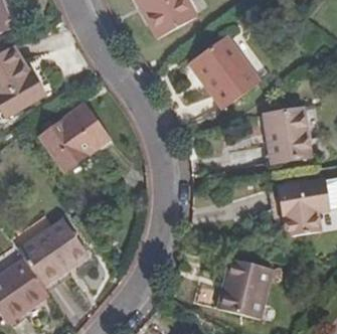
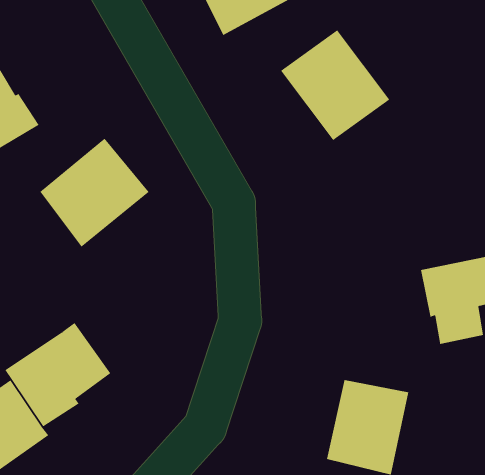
building: [265,104,314,160] -> none

